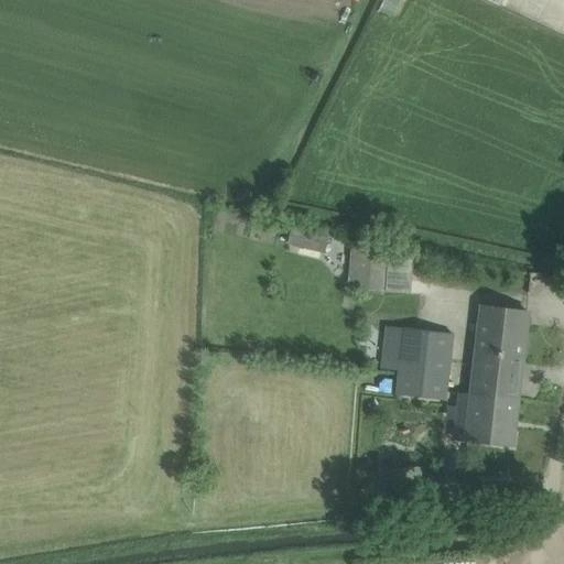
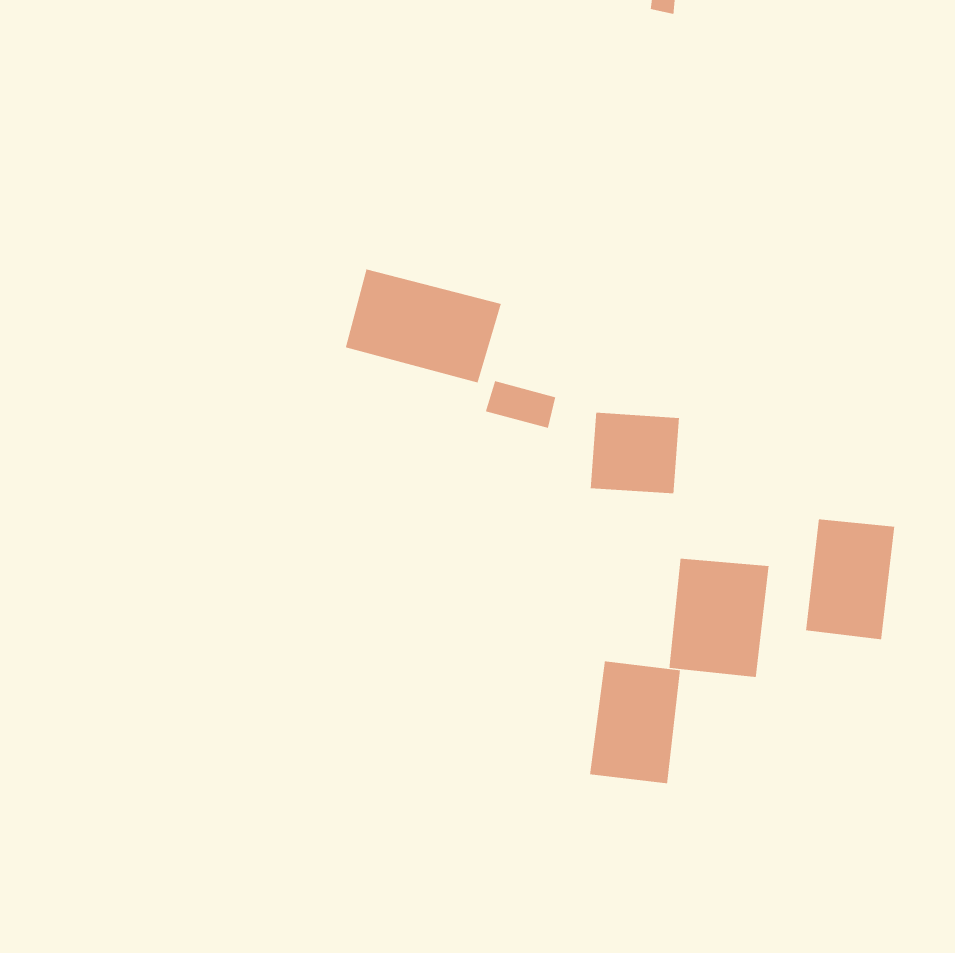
building: none -> [345,269,502,383]
building: [465,371,519,444] -> [589,661,681,784]

